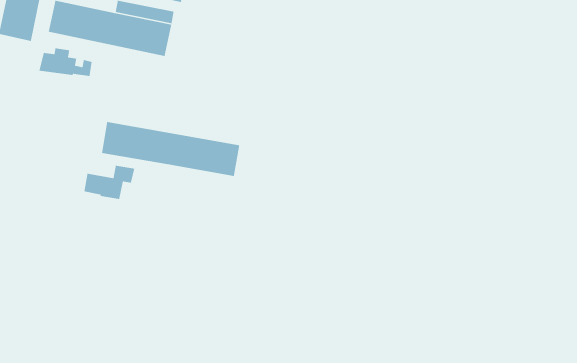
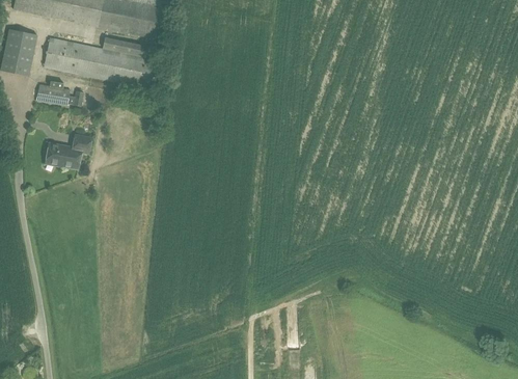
building: [101,121,240,177] -> none
building: [83,165,135,200] -> [45,136,90,167]

